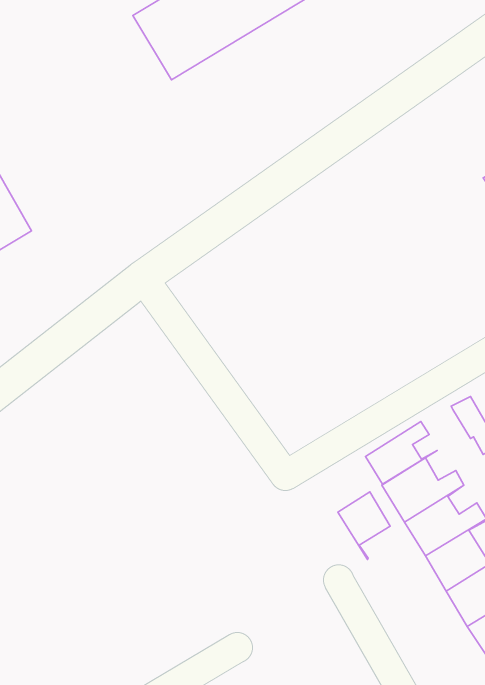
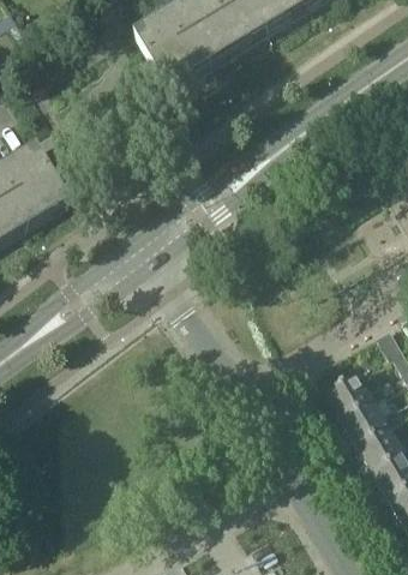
building: [365,422,437,484] -> none
building: [338,492,390,559] -> none

